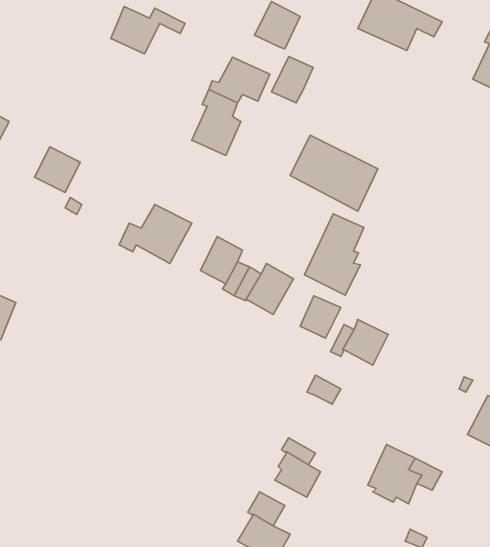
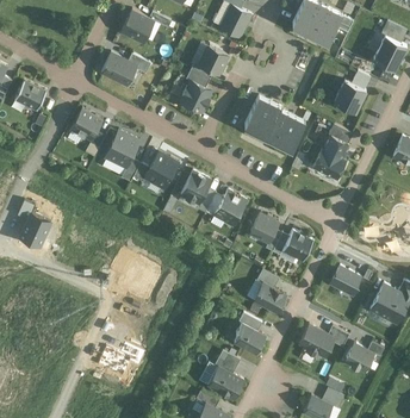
building: [272,56,313,103] -> none
building: none -> [97,51,148,85]
building: none -> [331,70,367,111]
building: none -> [98,129,133,180]
building: [305,214,364,295] -> [308,123,349,180]
building: none -> [329,266,361,295]
building: none -> [255,282,286,313]
building: none -> [343,339,377,373]

